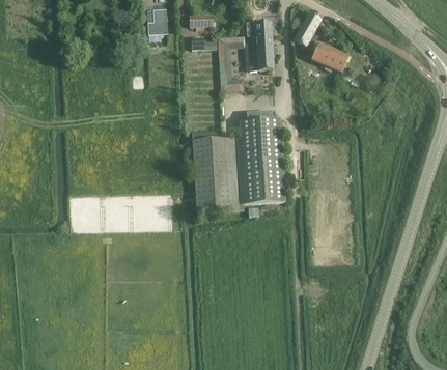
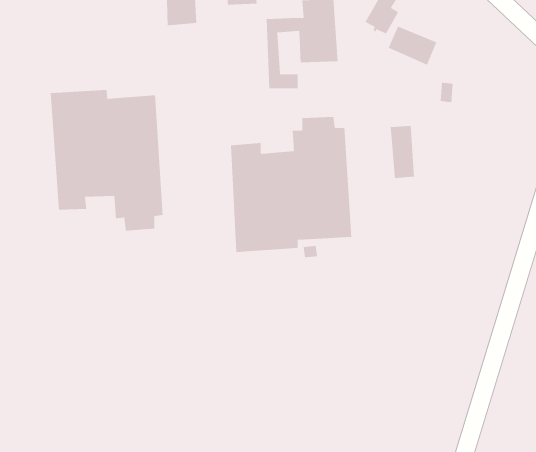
building: none -> [50,89,163,232]
building: none -> [390,125,414,179]

